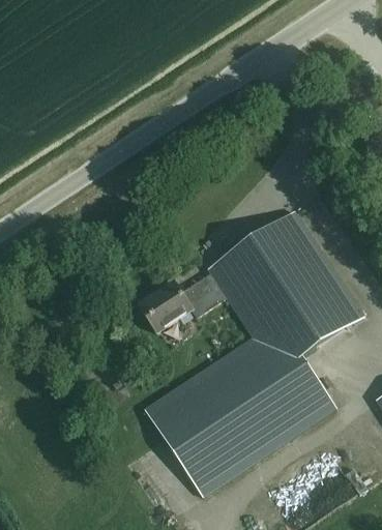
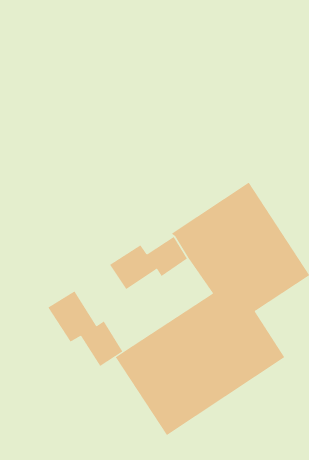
building: none -> [48,291,123,367]

